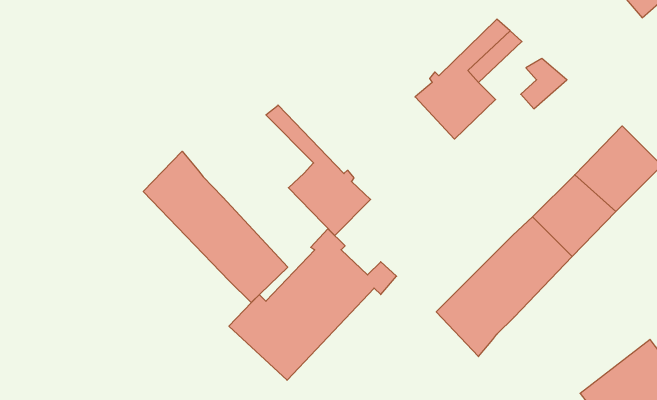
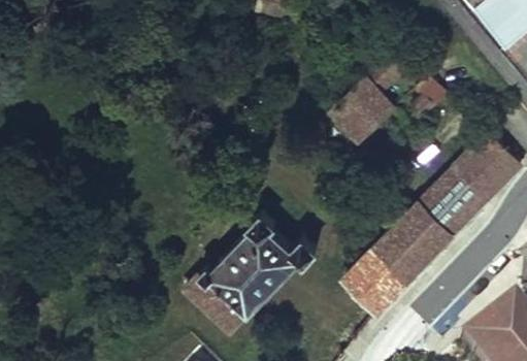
building: [266,105,371,236] -> none
building: [143,151,288,302] -> none

